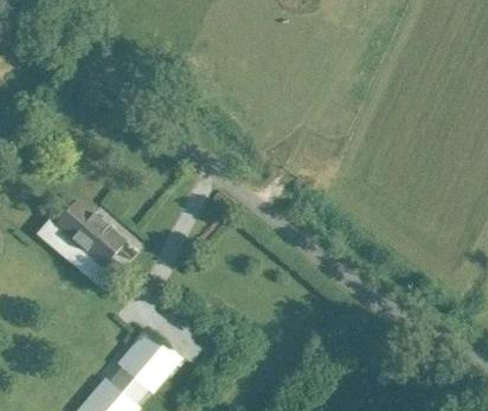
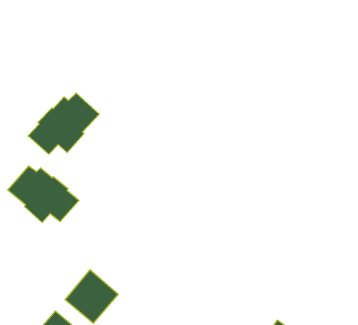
building: none -> [28,93,99,154]

